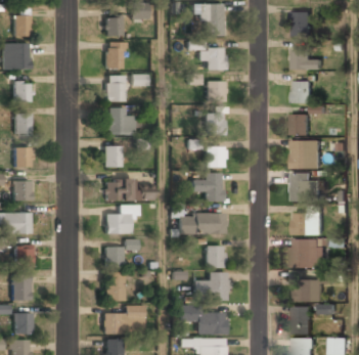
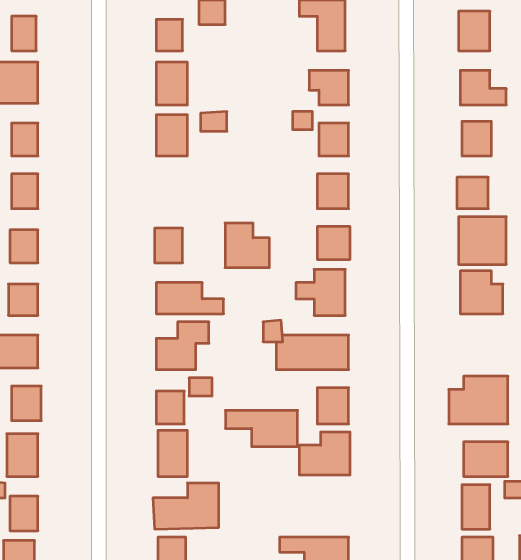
building: [104,107,132,135] -> [225,223,269,268]
building: [293,213,321,234] -> none
building: [178,311,223,334] -> [225,410,298,447]

